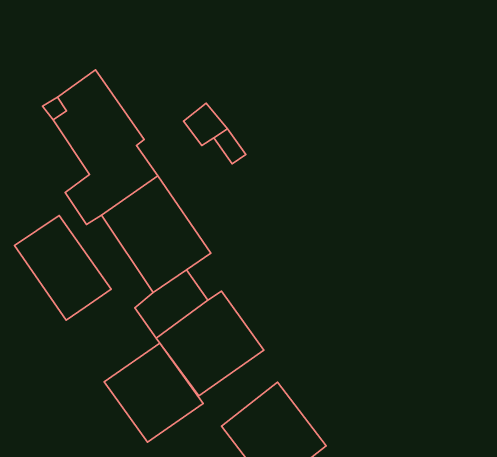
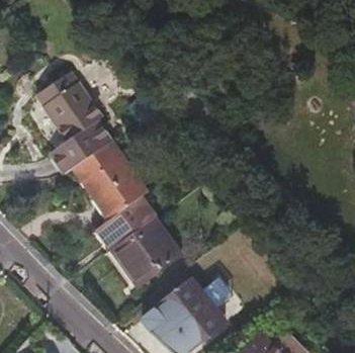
building: [15,216,111,320] -> none
building: [104,343,203,442] -> none

